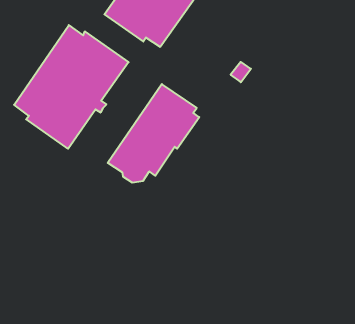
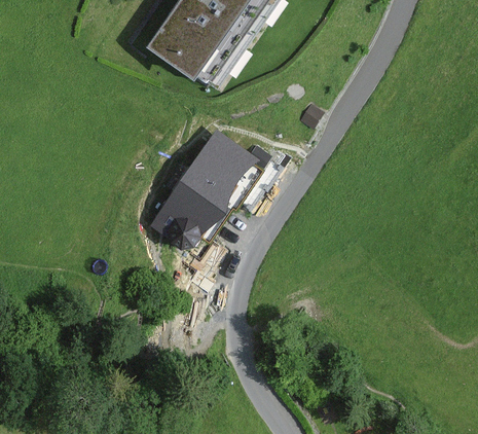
building: [14,25,129,149] -> none

